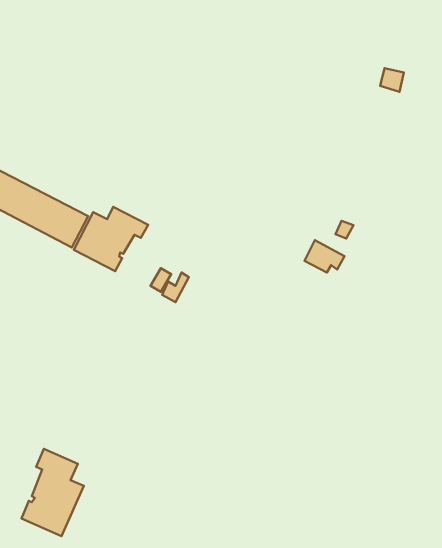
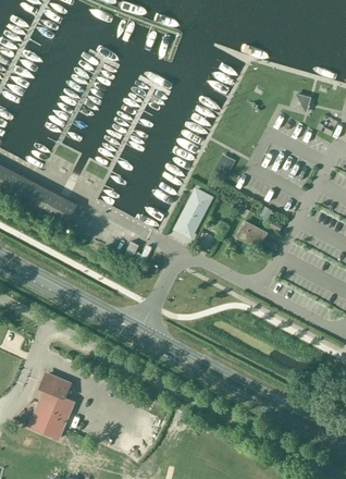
building: none -> [175,189,210,236]
building: [74,207,148,271] -> none

